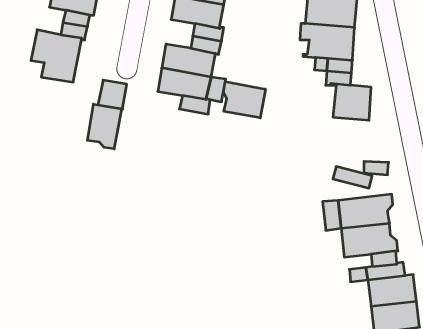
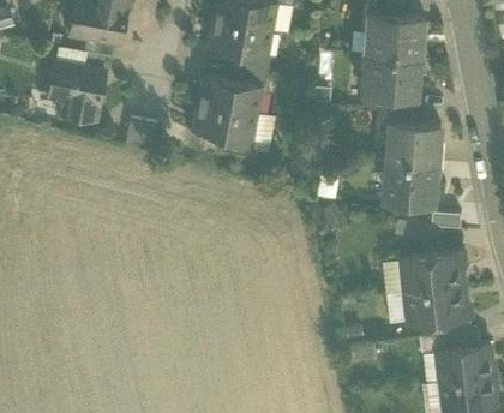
building: [223,82,265,118] -> none
building: [87,104,121,149] -> none
building: none -> [388,162,438,204]

